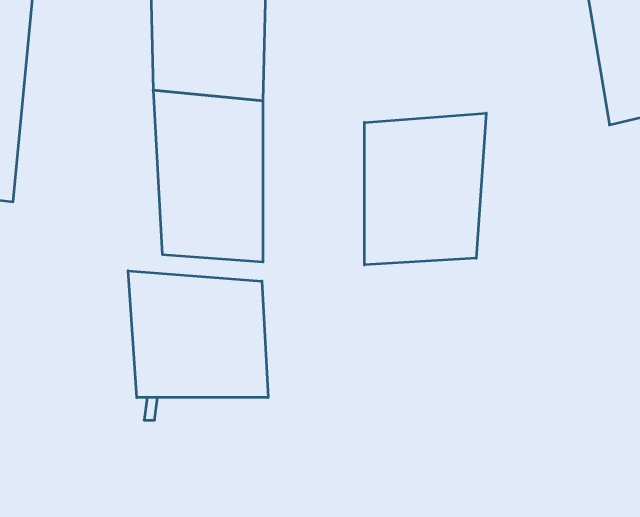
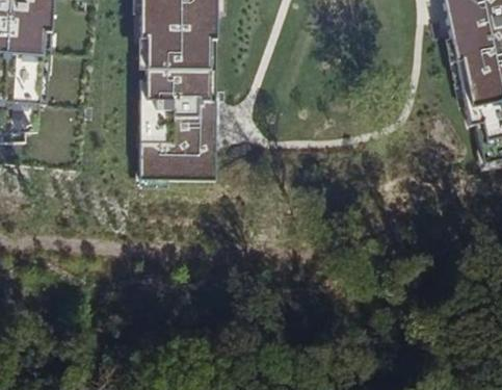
building: [364,113,486,265] -> none
building: [128,271,268,398] -> none

